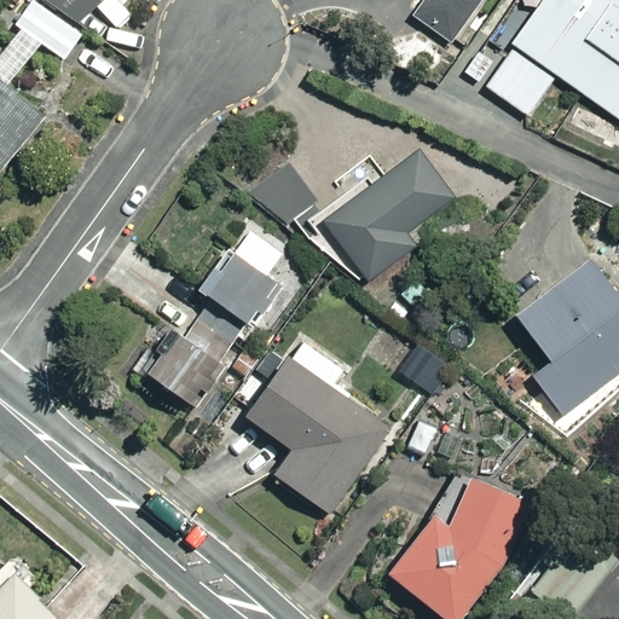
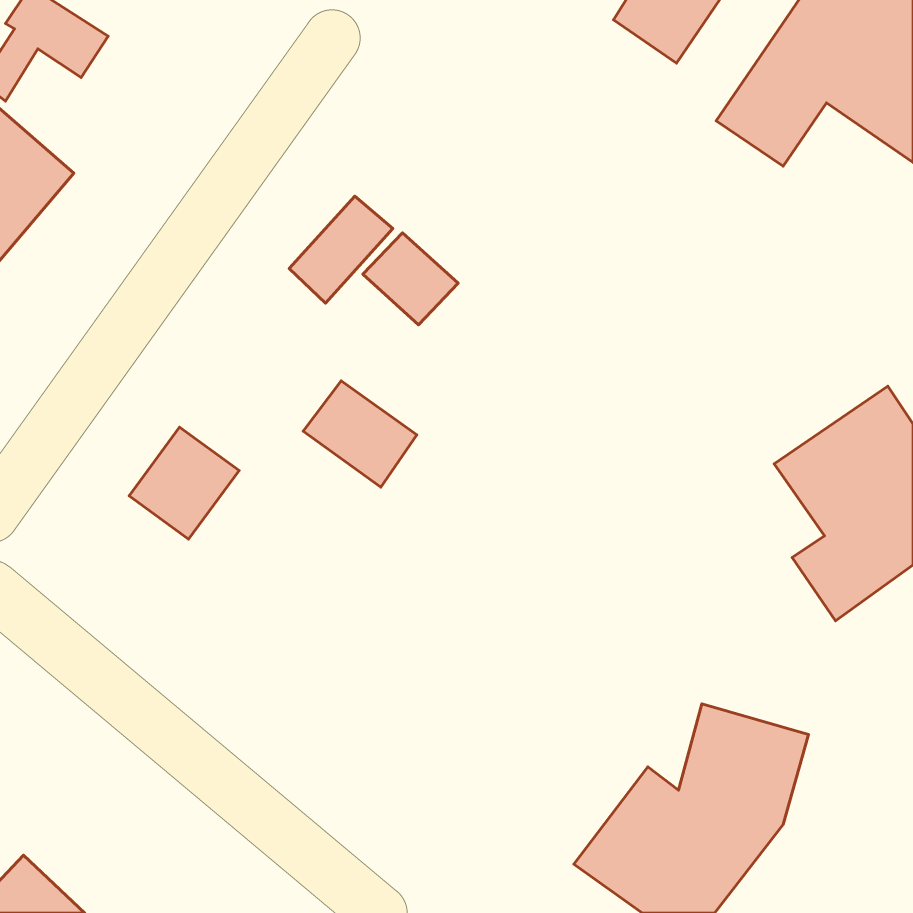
building: none -> [289,196,393,303]
building: [318,152,449,288] -> none
building: [149,334,222,409] -> [129,427,239,539]
building: [248,354,393,514] -> none

